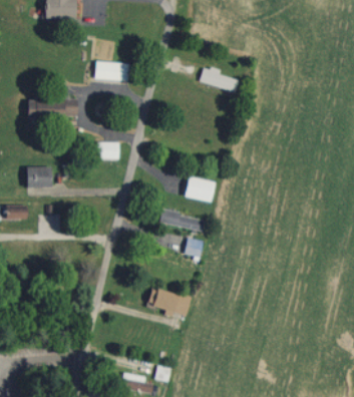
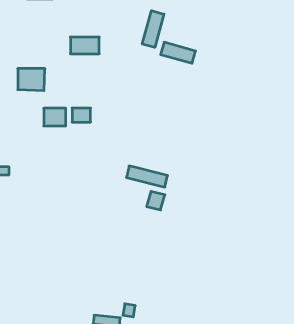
building: none -> [142,11,164,47]
building: [26,167,51,187] -> [44,108,66,126]
building: [183,177,214,203] -> none
building: [151,289,191,316] -> none

